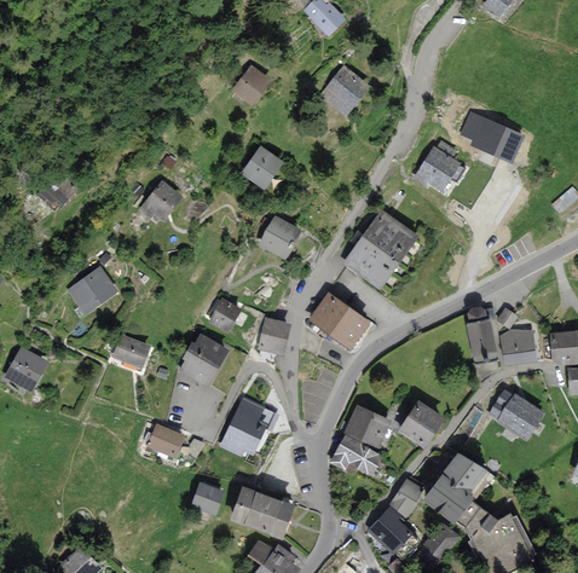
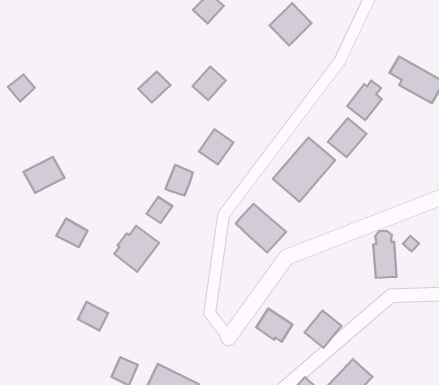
building: [144,185,179,220] -> [138,71,170,103]
building: none -> [328,118,366,157]
building: [259,318,287,351] -> [166,165,193,196]
building: [501,330,533,352] -> none
building: [491,393,541,438] -> none
building: [221,399,271,455] -> none
building: [331,438,378,473] -> none

